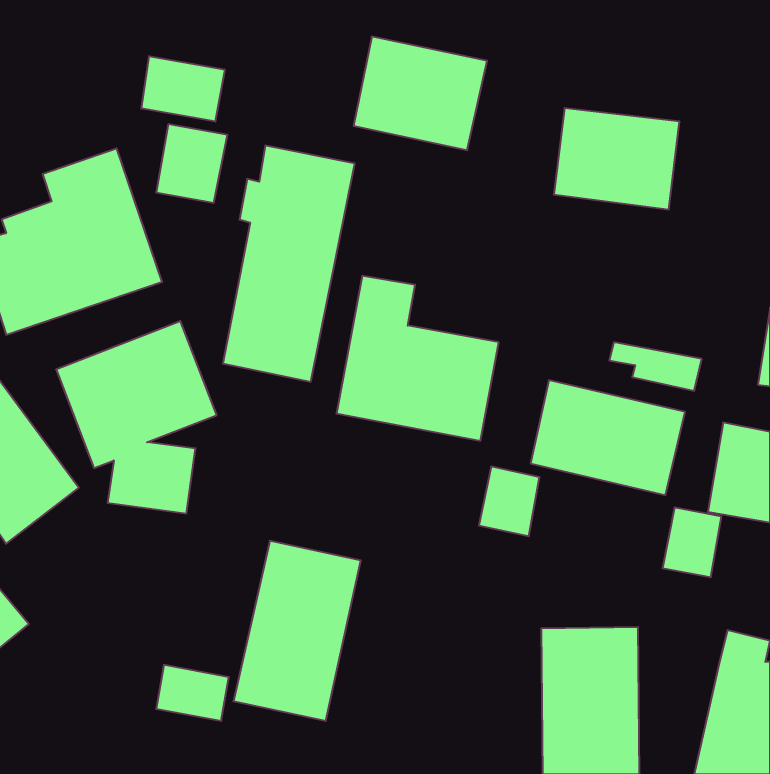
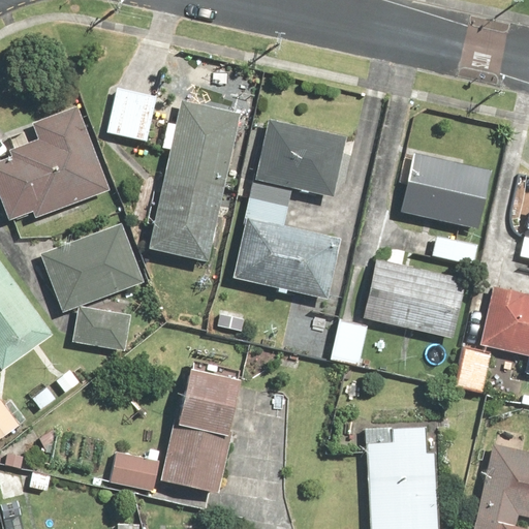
building: [354,37,487,150] -> [249,118,340,195]
building: [141,56,225,122] -> none
building: [554,108,680,209] -> [403,159,489,228]

